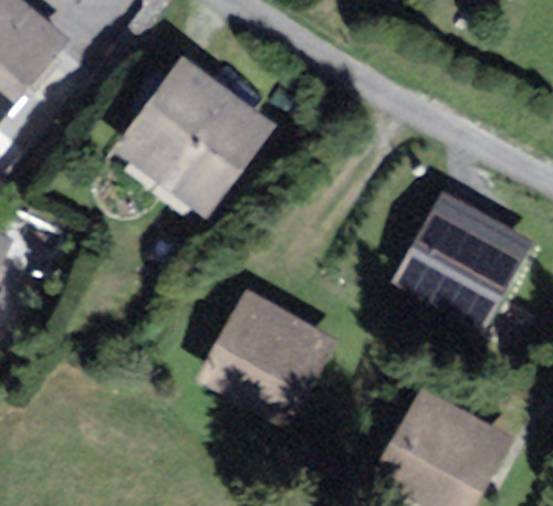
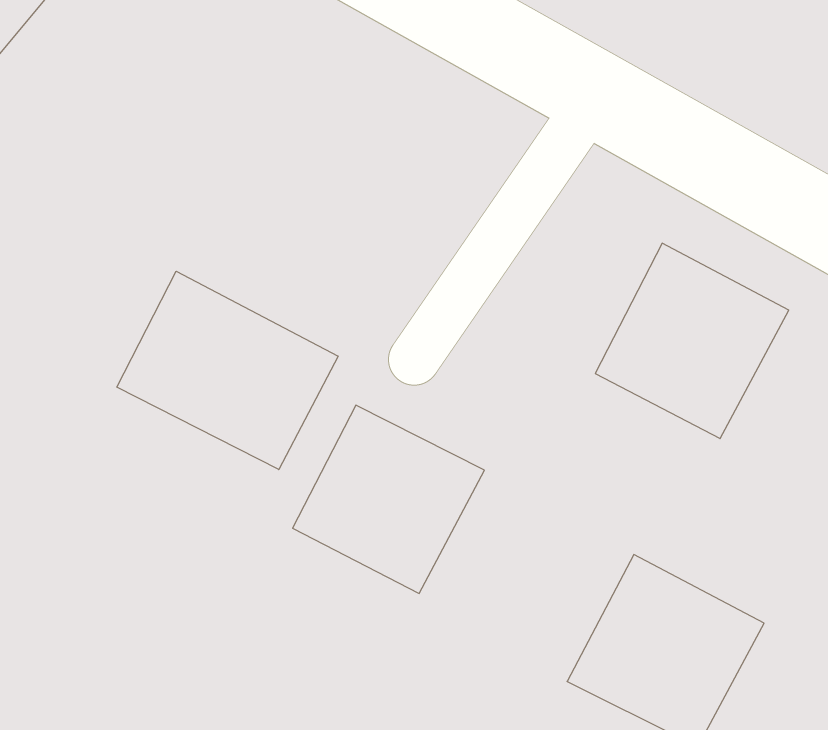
building: [119,65,273,218] -> none
building: none -> [117,271,338,470]

